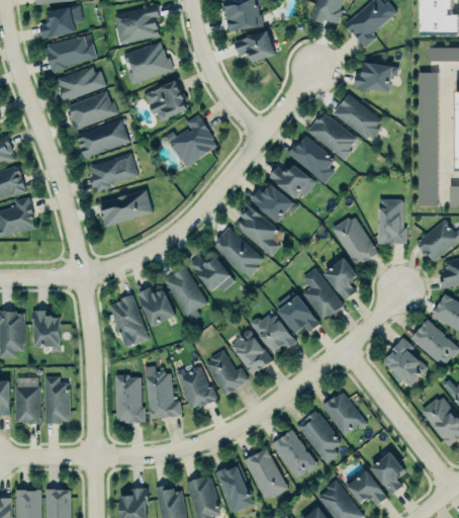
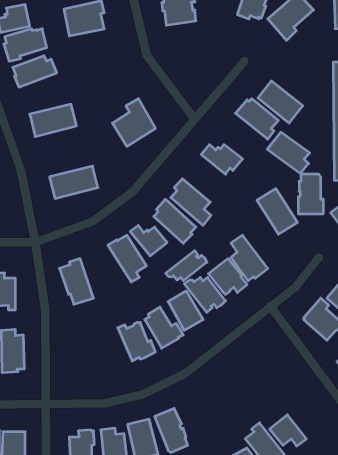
building: [235,31,276,63] -> none
building: [122,41,174,84] -> none
building: [353,63,398,93] -> none
building: [145,77,188,120] -> none
building: [65,91,115,131] -> none
building: [287,137,335,183] -> [267,132,310,174]
building: [89,153,137,192] -> none
building: [251,184,298,223] -> none
building: [324,258,359,300] -> none
building: none -> [166,251,207,281]
building: [139,287,176,327] -> none
building: [145,365,182,420] -> none
building: [116,374,145,424] -> none
building: [323,394,368,436] -> none
building: [297,411,340,462] -> none
building: [272,430,315,480] -> none
building: [244,450,289,500] -> none
building: [372,454,406,495] -> none

